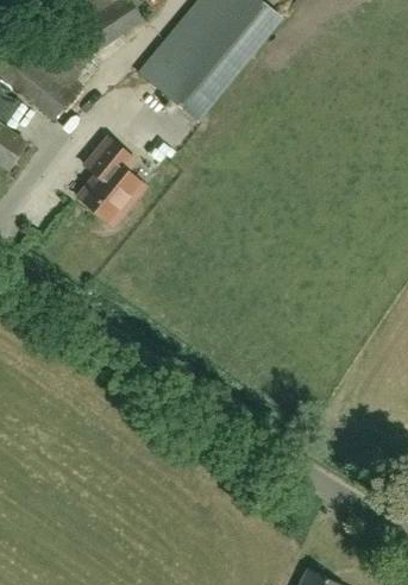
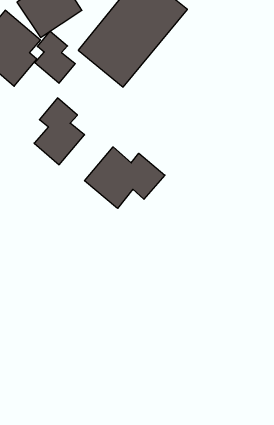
building: none -> [35,31,75,83]
building: none -> [85,147,165,208]

